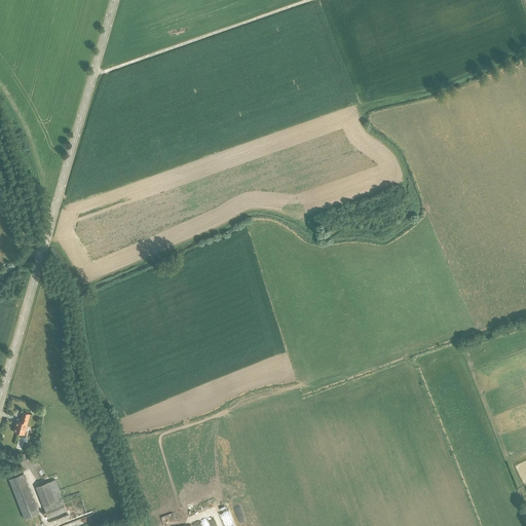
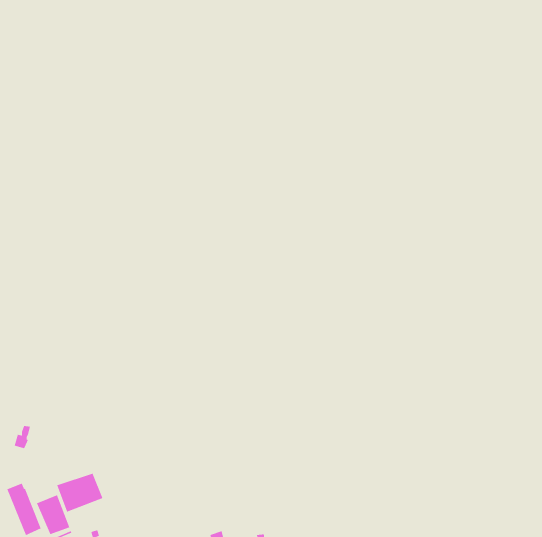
building: none -> [57,473,103,512]

